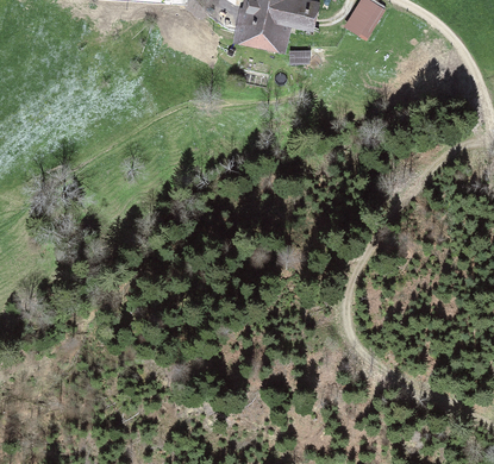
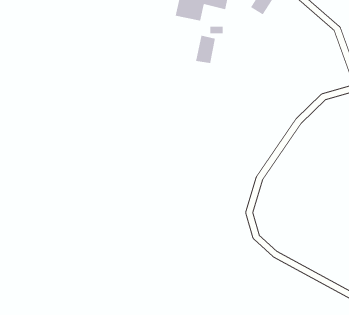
building: none -> [196,35,216,64]

